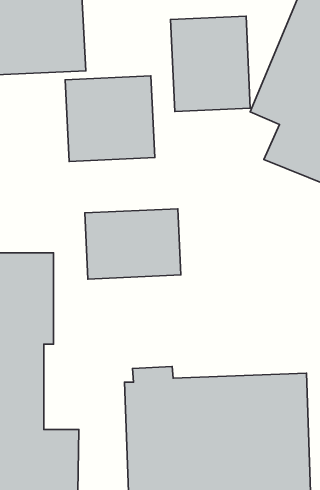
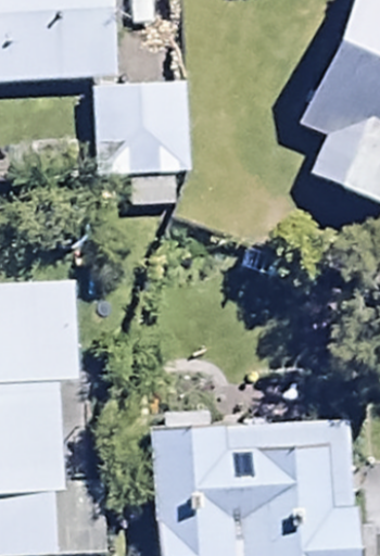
building: [171,16,250,111] -> none
building: [85,209,181,279] -> none

